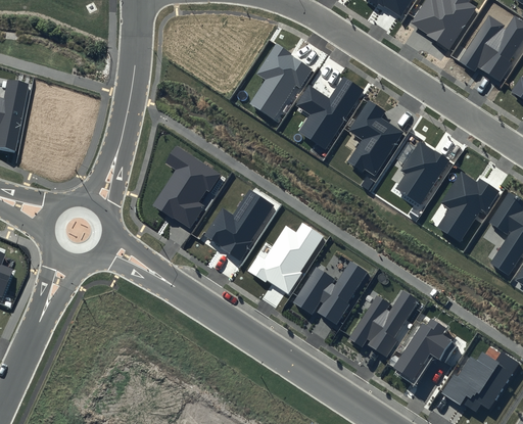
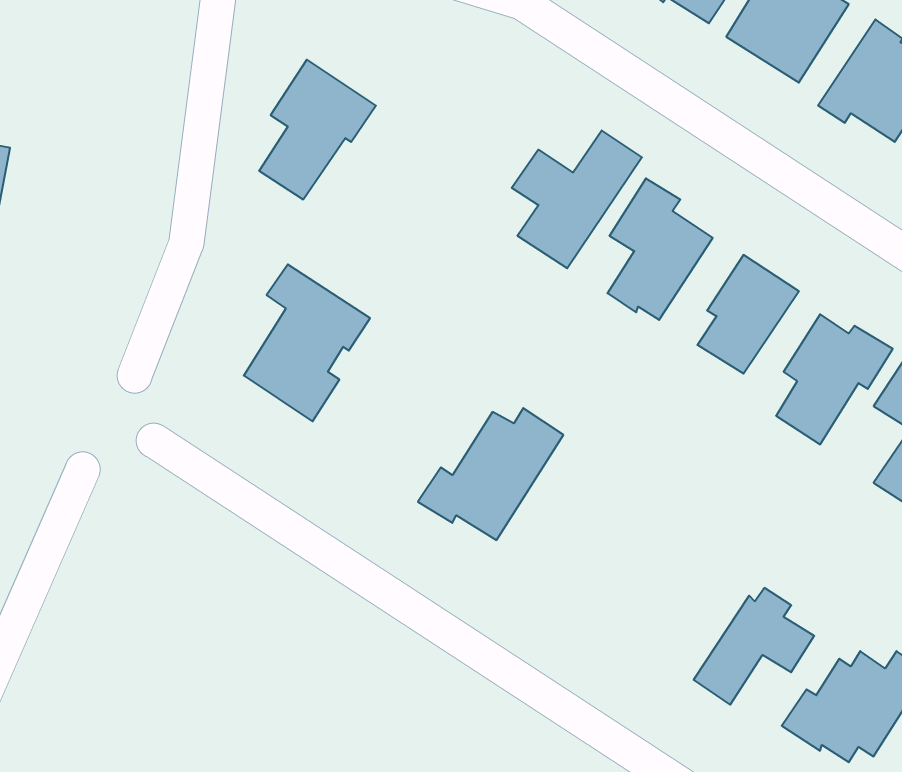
building: [250,44,313,119] -> [259,60,376,199]
building: [204,189,274,260] -> none
building: [293,263,367,324] -> none
building: [349,290,419,357] -> none

